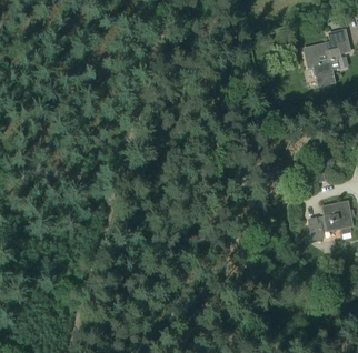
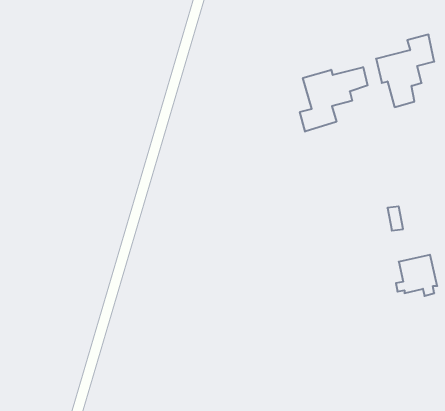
building: none -> [300,67,368,132]

